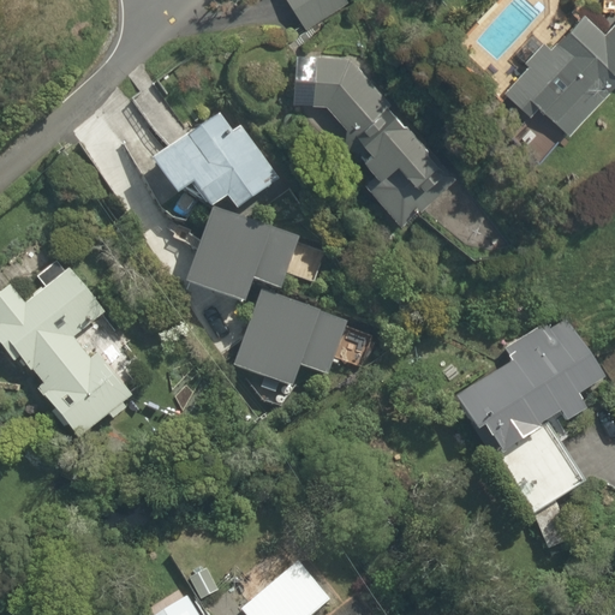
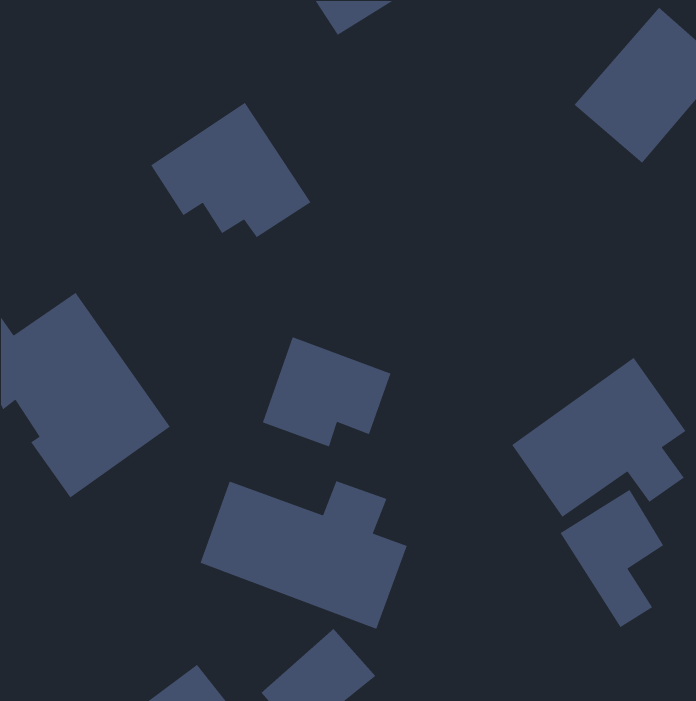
building: [275,24,438,221] -> none
building: [186,213,299,310] -> none
building: none -> [199,480,408,630]

